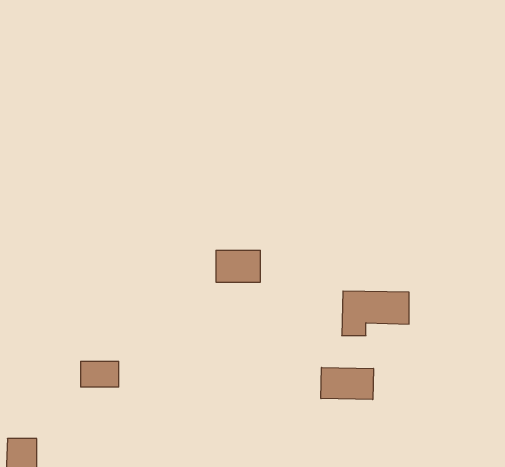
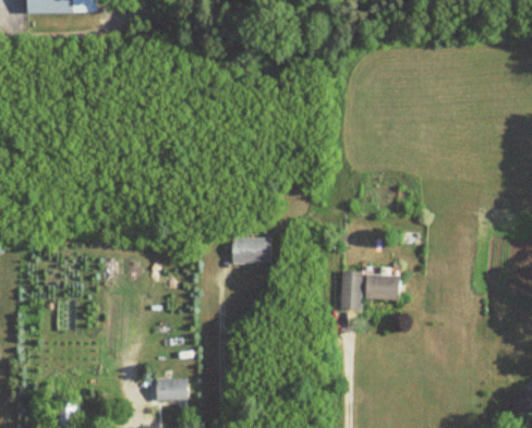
building: [81,361,119,387] -> [156,379,189,401]
building: [321,367,373,400] -> none

